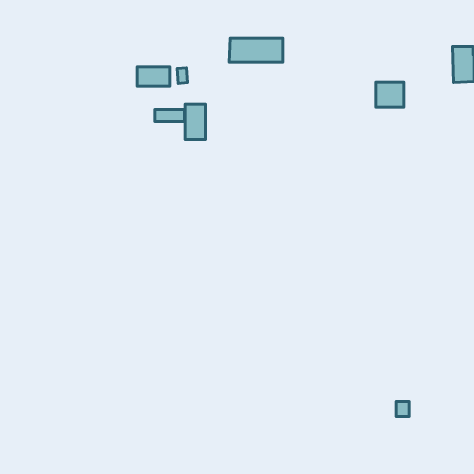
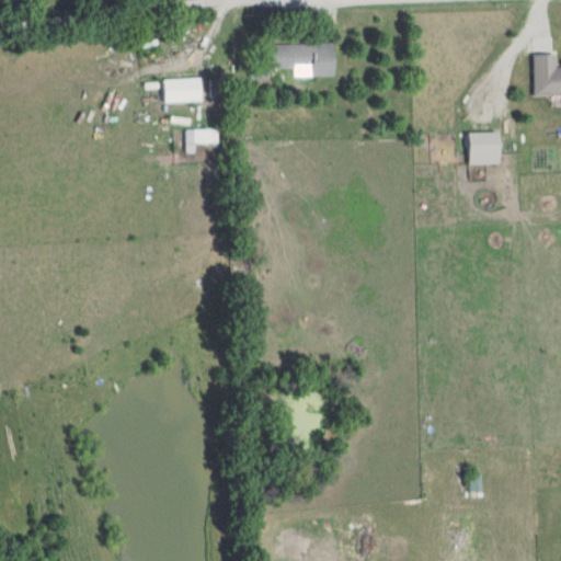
building: [376,82,404,107] -> [469,134,502,163]
building: [185,104,206,139] -> none

